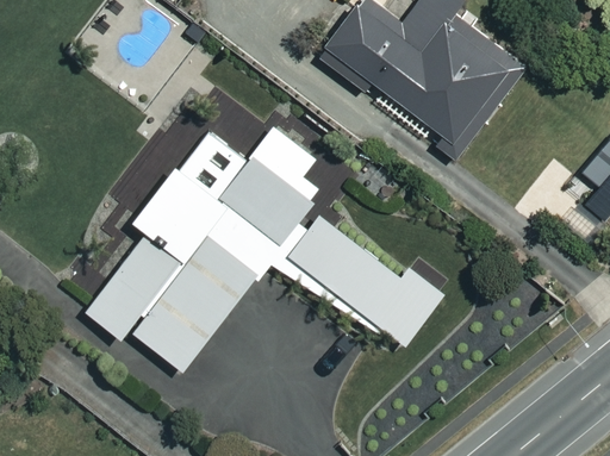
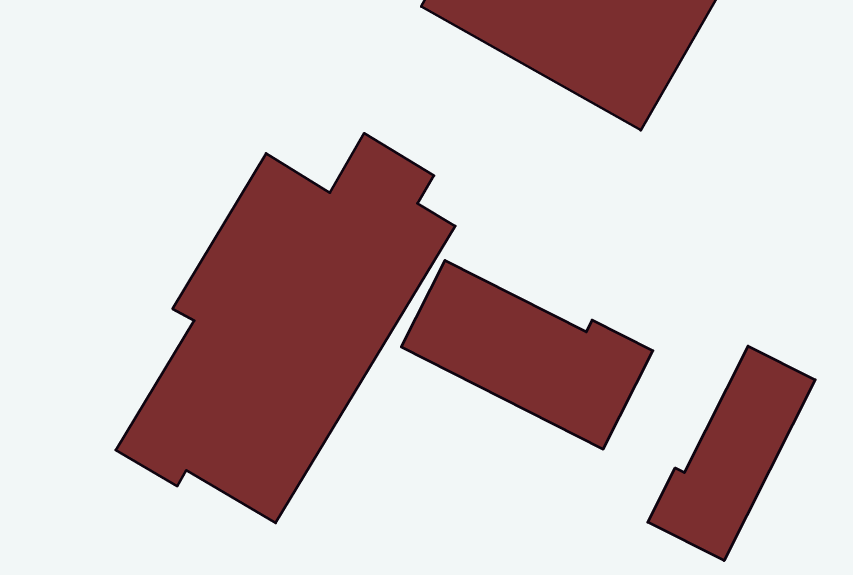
building: none -> [648,346,815,561]

